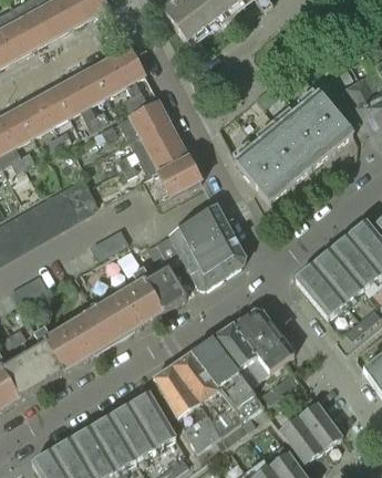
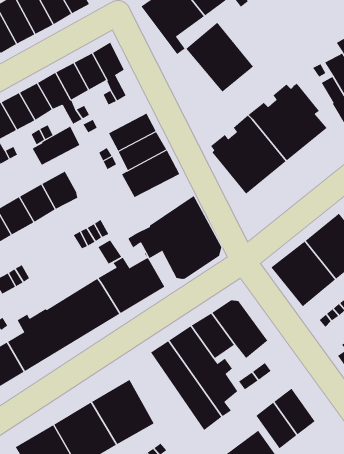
building: none -> [186,22,254,92]
building: [117,98,167,139] -> [32,126,80,166]
building: [153,365,226,453] -> none

